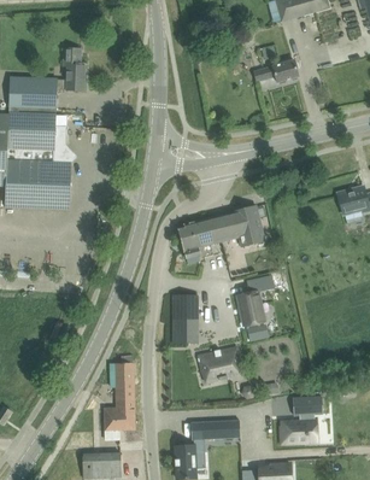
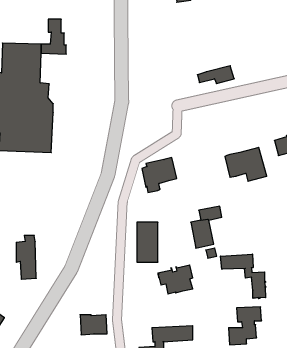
building: [253,60,298,82] -> [197,66,234,84]
building: [213,205,264,246] -> [225,147,267,181]
building: none -> [221,254,266,299]
building: [110,355,134,408] -> [16,235,36,279]

